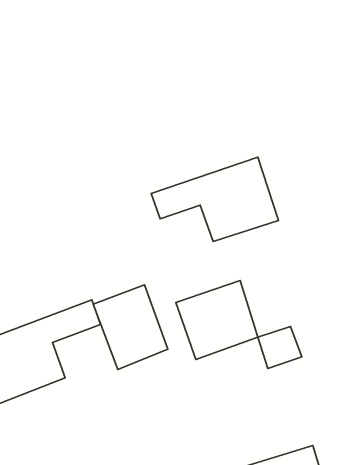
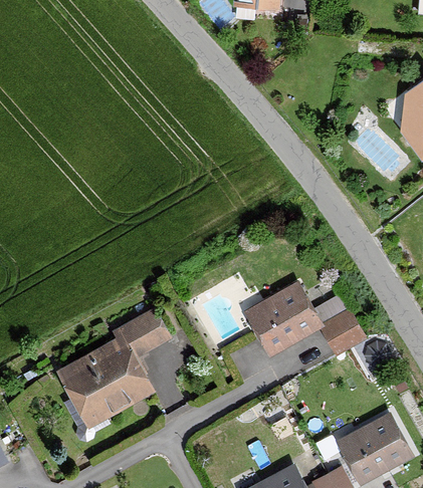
building: [151,157,279,241] -> none
building: [93,285,168,370] -> none

